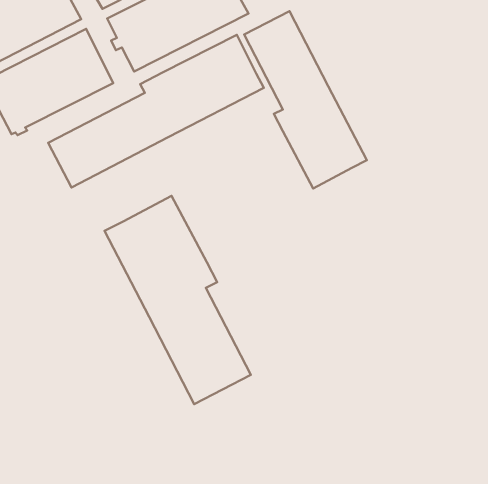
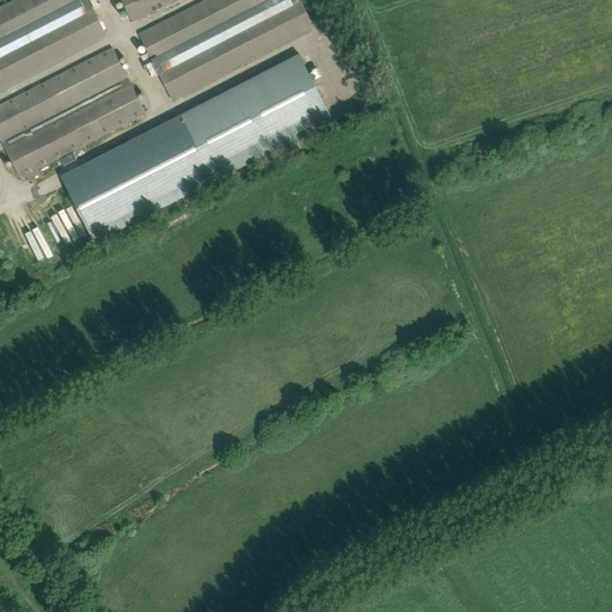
building: [244,11,367,188] -> none
building: [105,196,251,404] -> none

